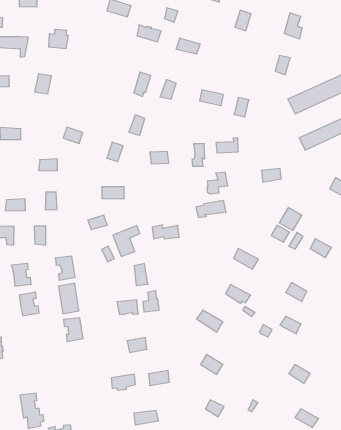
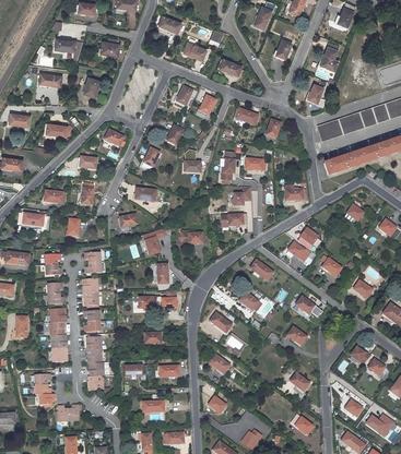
building: none -> [50,303,69,358]
building: none -> [87,333,106,387]

